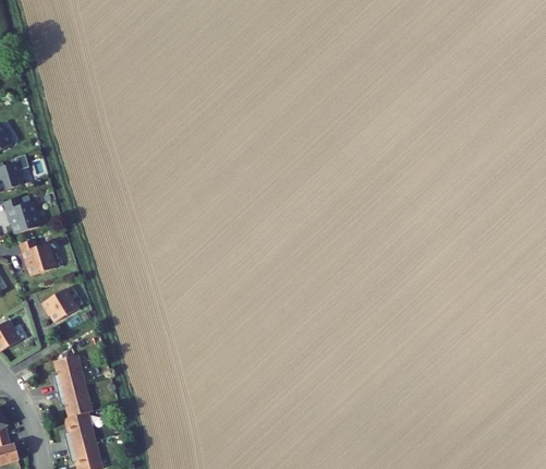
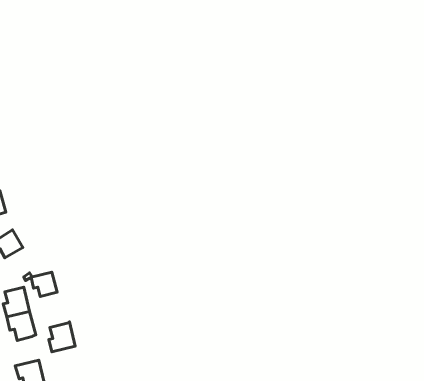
building: none -> [31,272,57,296]
building: [64,411,95,446] -> [49,322,75,352]

